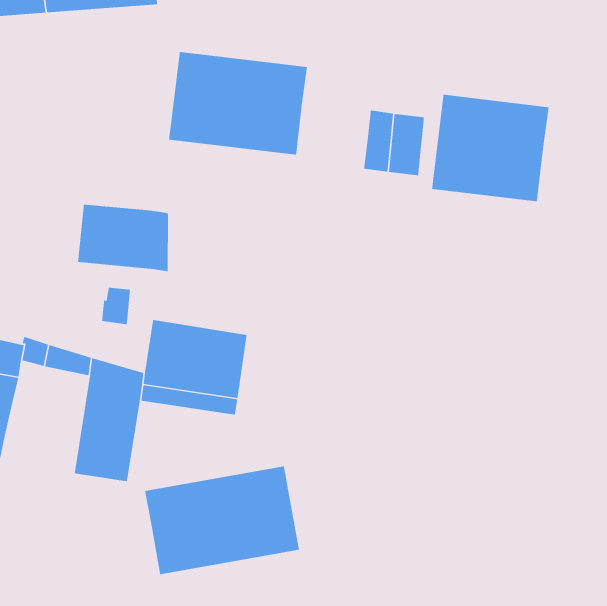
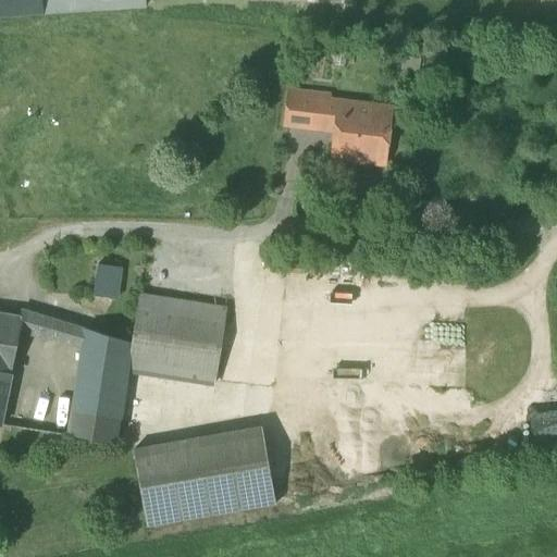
building: [168,51,308,156] -> none
building: [431,94,549,202] -> none
building: none -> [289,95,338,131]
building: [77,204,169,272] -> none

